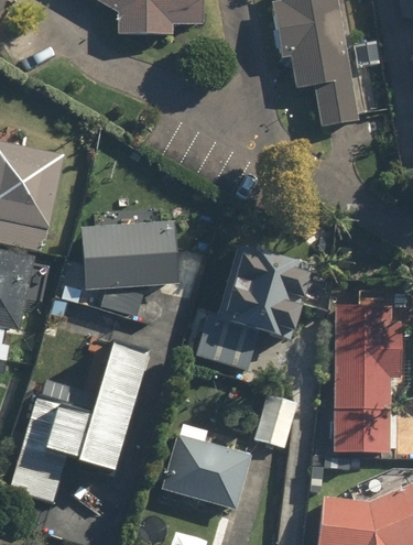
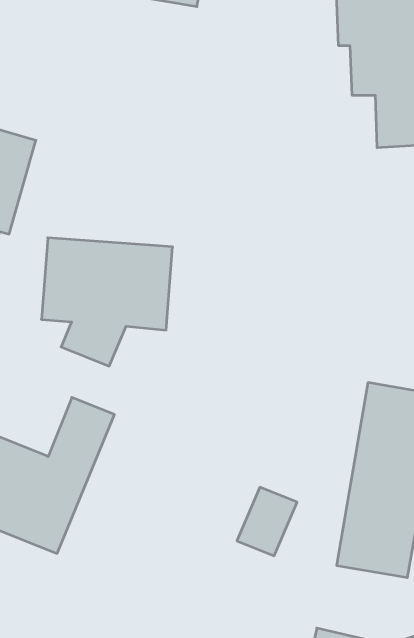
building: [191,238,317,372] -> none
building: [162,434,249,508] -> none

